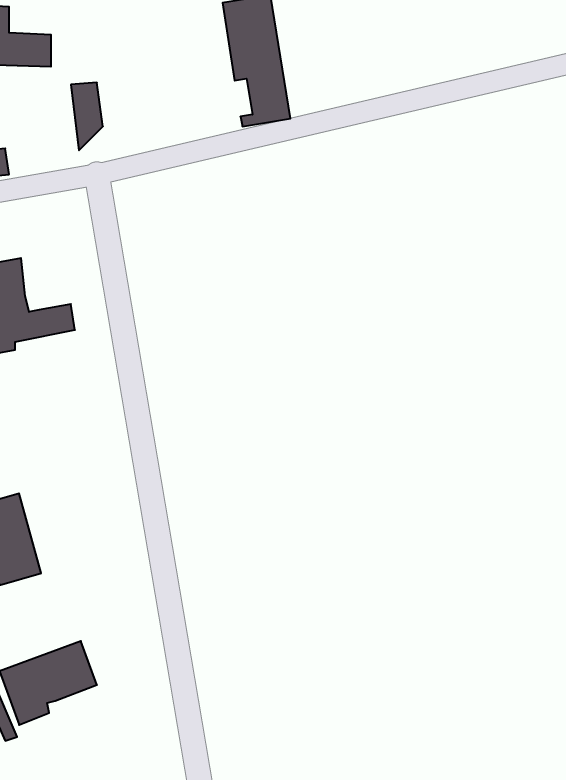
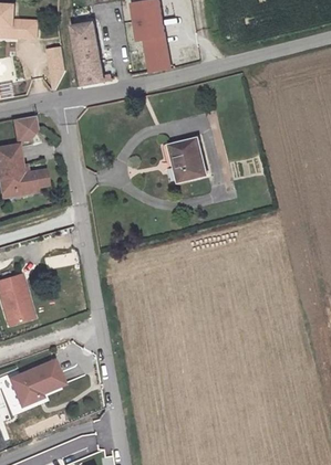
building: none -> [71,13,112,86]
building: none -> [15,117,40,144]
building: none -> [162,131,204,177]

